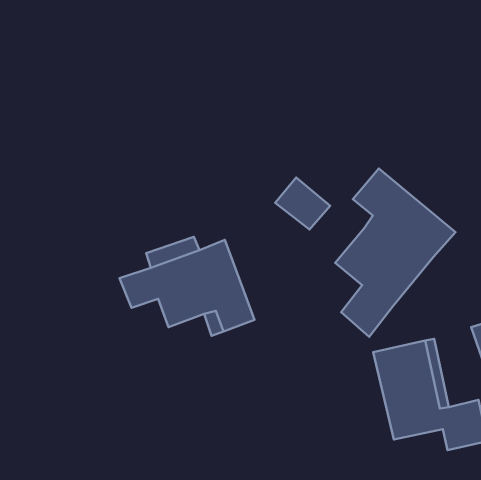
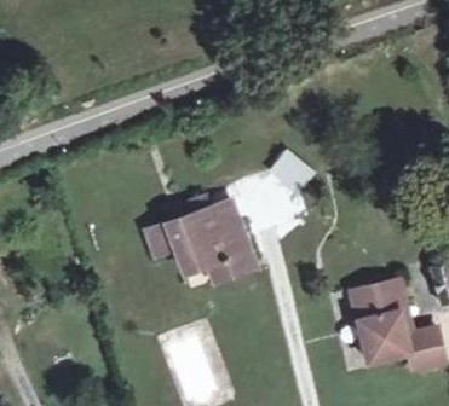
building: [335,169,456,337] -> none

